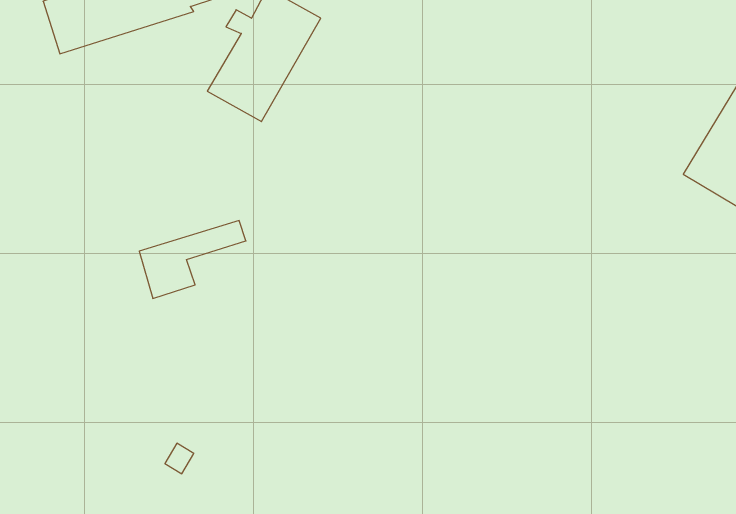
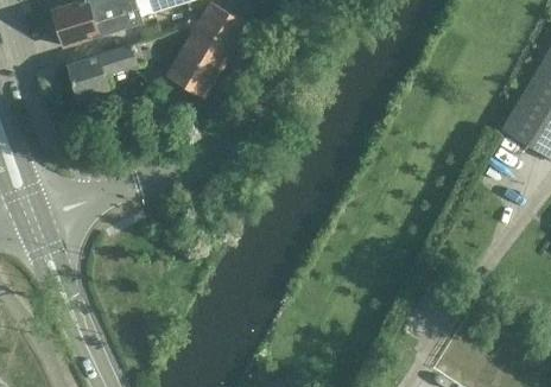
building: [139,221,246,298] -> [68,42,142,96]

